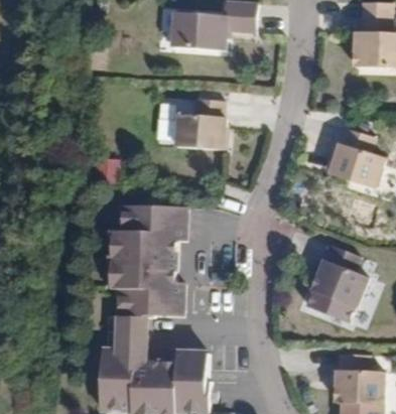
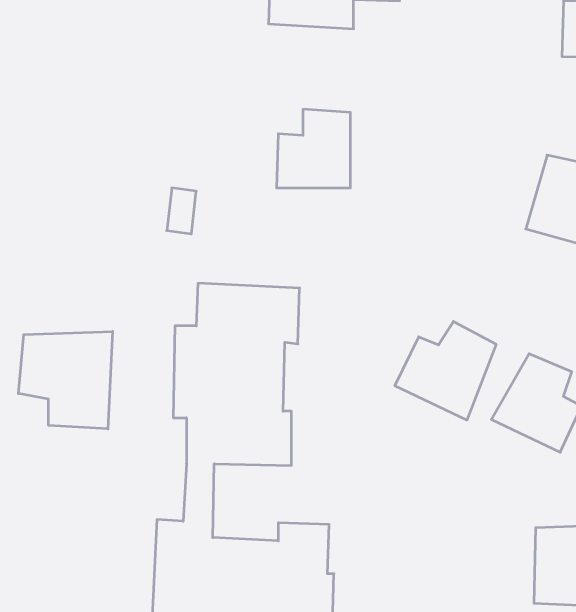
building: none -> [395,321,496,420]
building: none -> [18,331,113,429]

